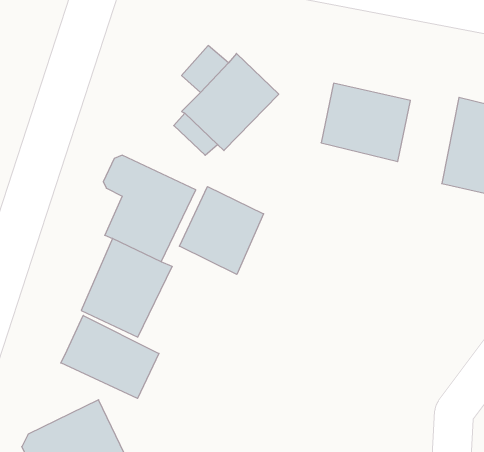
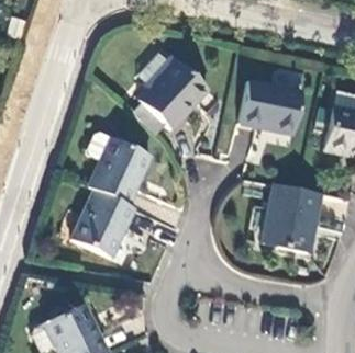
building: [179,187,264,274] -> none
building: none -> [262,183,320,253]
building: [61,315,159,398] -> none

